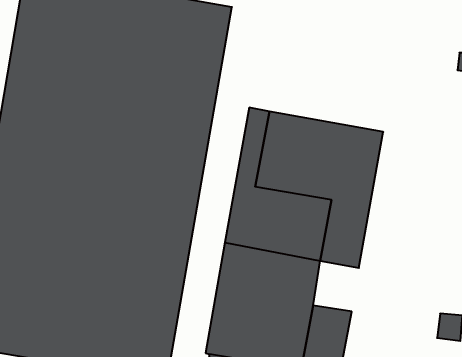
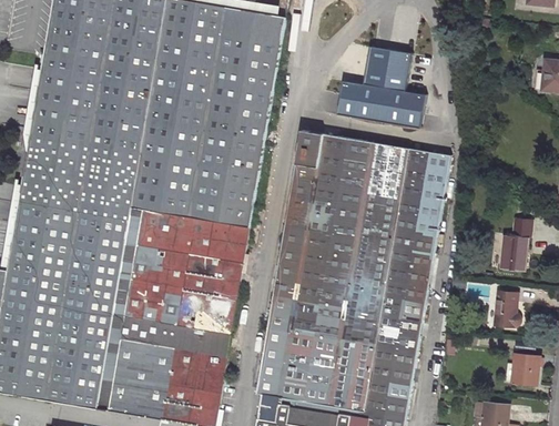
building: none -> [337,47,425,130]
building: none -> [498,217,529,271]
building: none -> [490,292,517,325]
building: none -> [373,296,423,352]

